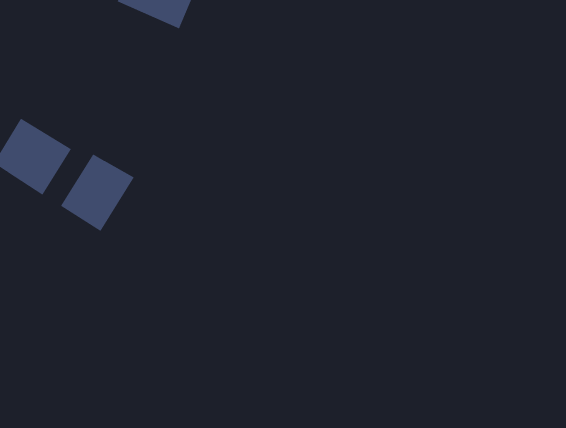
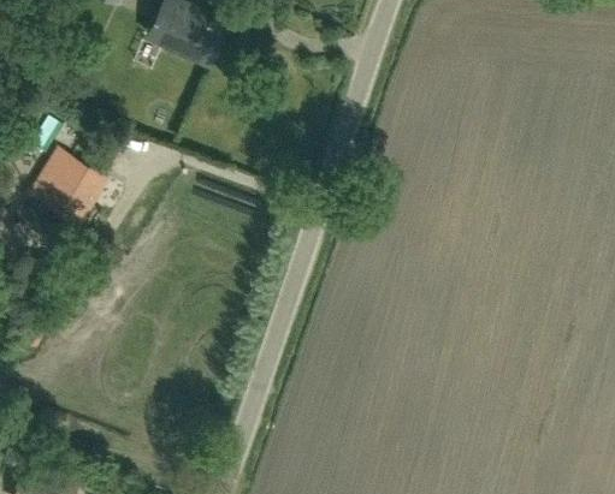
building: [60,153,134,232] -> none

